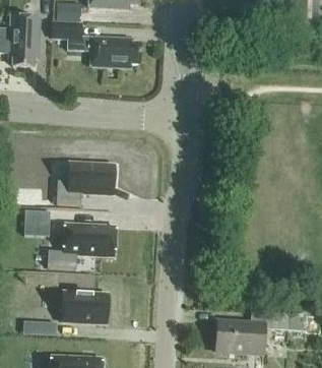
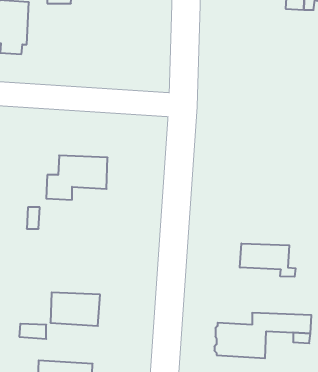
building: [52,21,140,68] -> none
building: [46,224,114,267] -> none
building: none -> [240,243,296,277]

